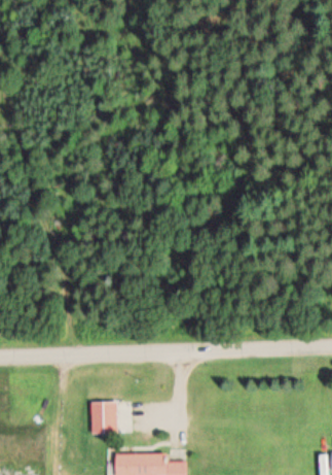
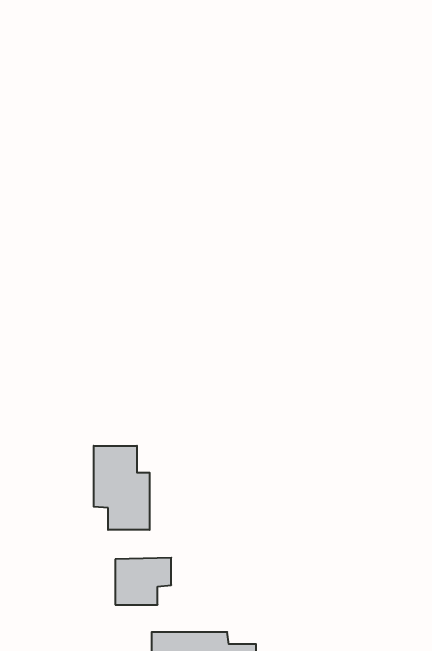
building: none -> [94,446,150,530]

